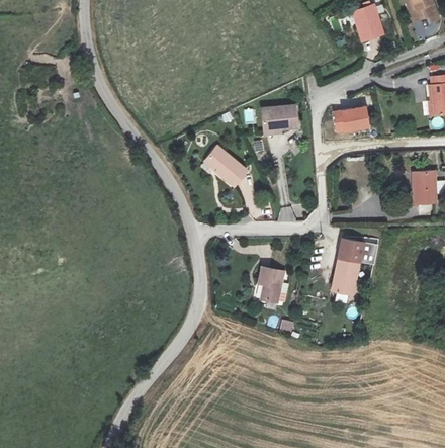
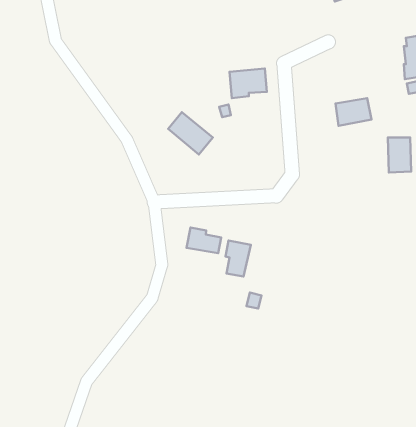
building: [336,106,370,132] -> [335,98,372,126]
building: [332,237,378,293] -> none
building: none -> [186,227,221,253]

